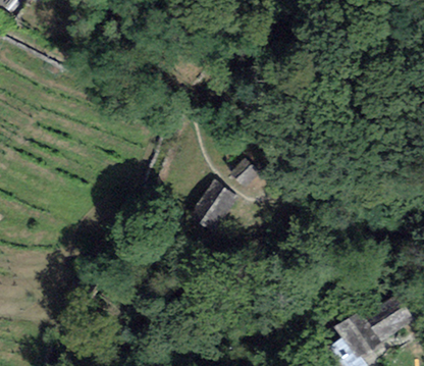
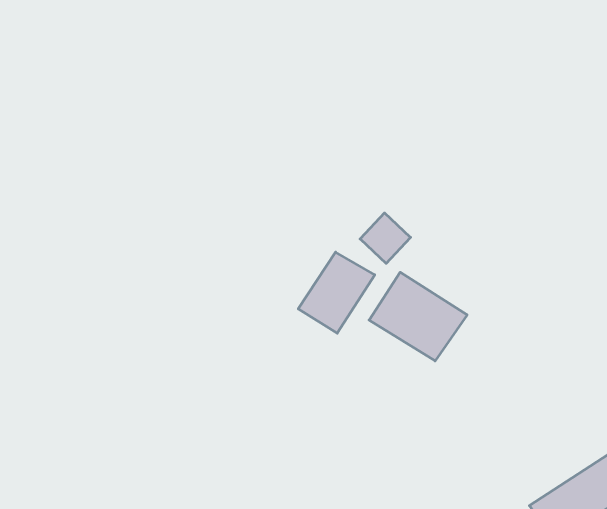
building: none -> [369,272,467,361]

